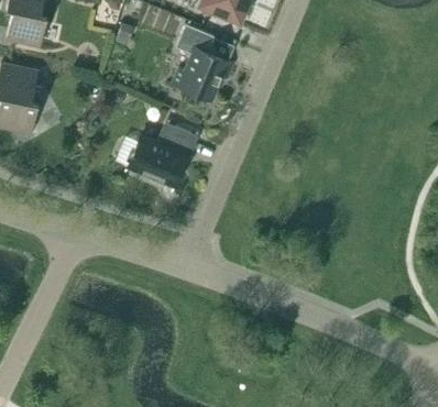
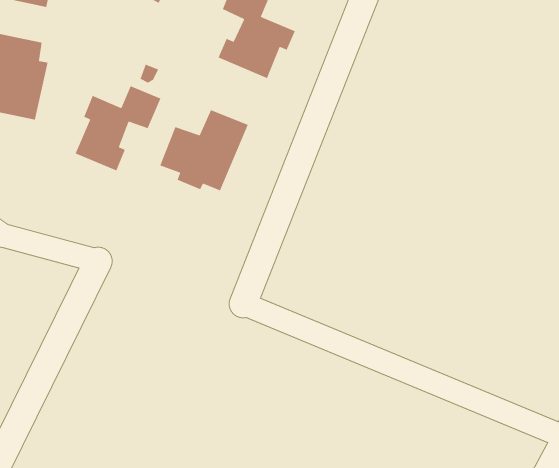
building: none -> [74,85,161,171]

